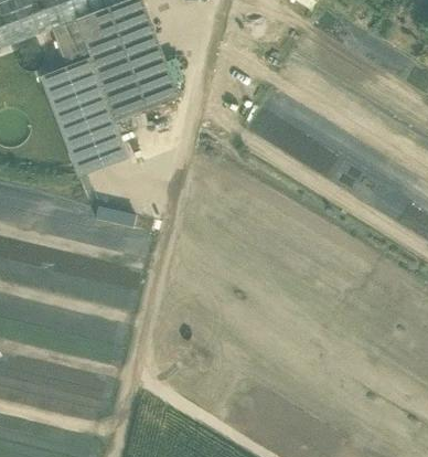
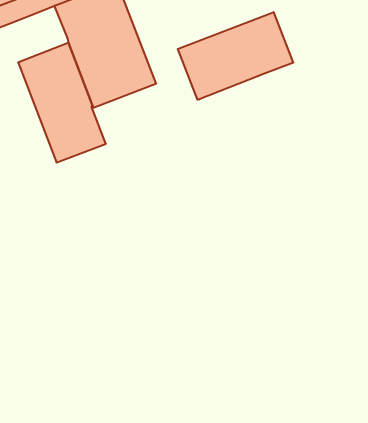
building: [51,14,88,57] -> none
building: none -> [178,12,293,100]

